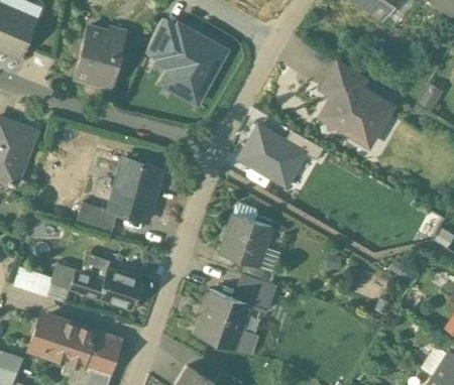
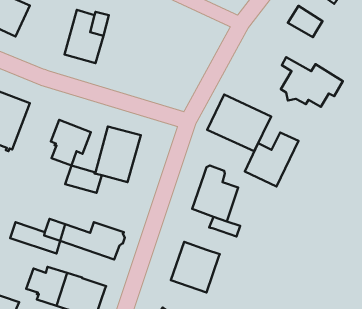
building: [147,20,229,106] -> none
building: [327,60,366,96] -> [288,6,322,37]
building: none -> [51,120,91,165]
building: none -> [245,133,298,187]
building: [236,274,274,310] -> none

